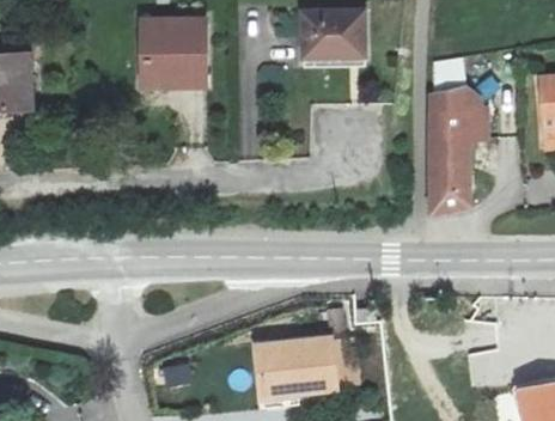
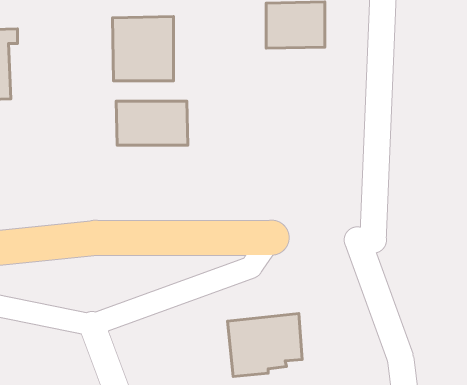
building: [434,83,490,208] -> none
building: none -> [116,101,188,145]

